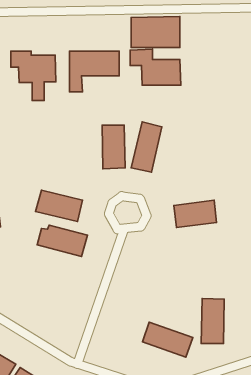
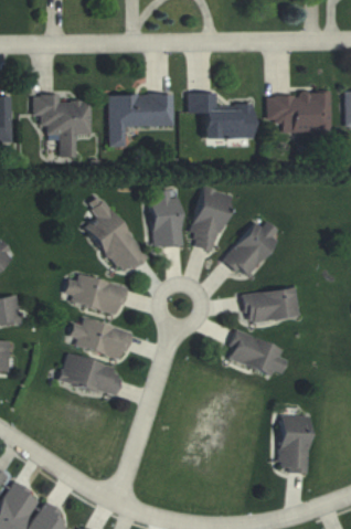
building: [131,17,180,47] -> [268,92,331,131]
building: none -> [85,194,147,275]
building: none -> [224,218,280,277]
building: none -> [59,356,123,396]
building: [142,322,193,357] -> [225,332,290,378]

